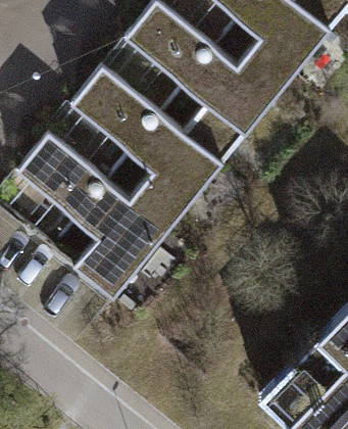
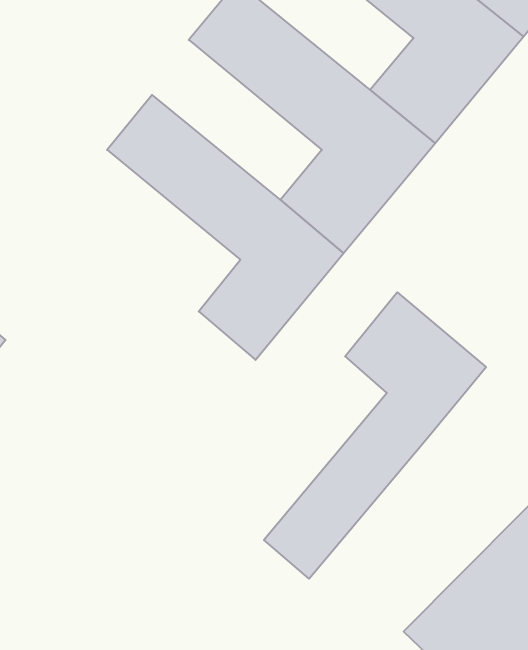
building: [17,137,164,301] -> none
building: none -> [264,292,486,579]

